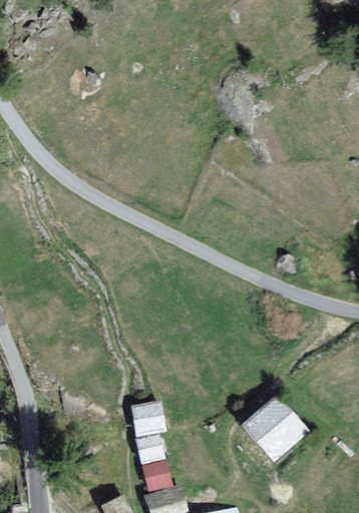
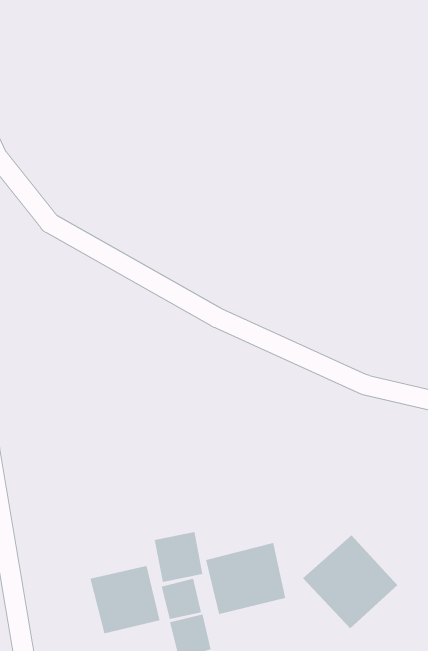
building: none -> [206,542,286,615]
building: none -> [90,565,160,634]

